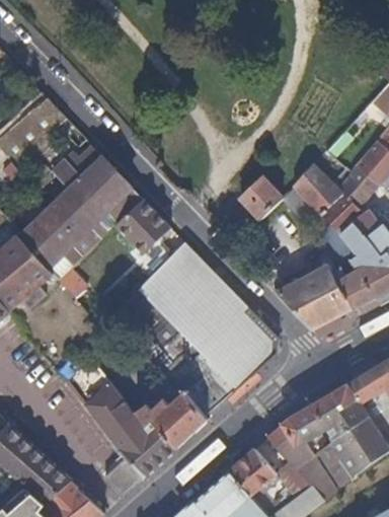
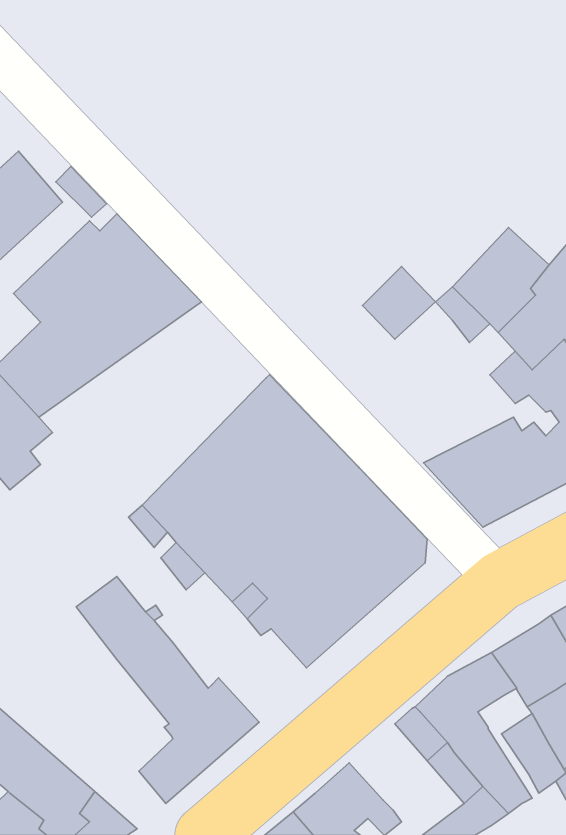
building: [45,196,169,296] -> none
building: [125,388,208,447] -> none
building: [230,448,277,494] -> none

